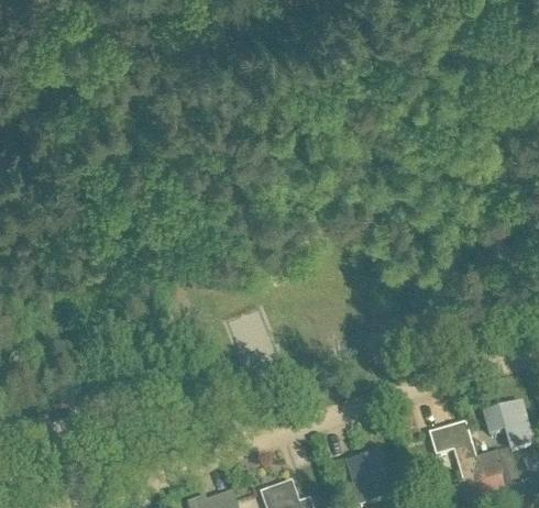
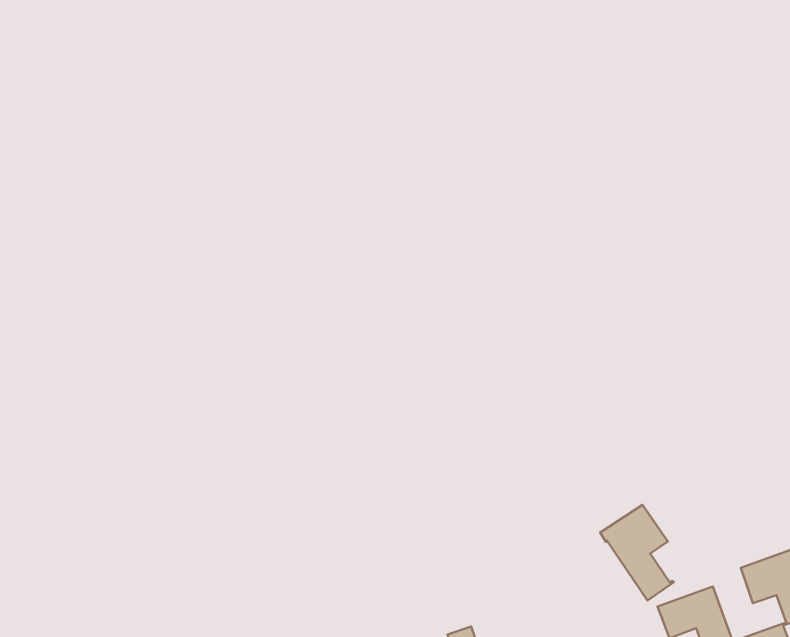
building: none -> [600,505,674,600]

